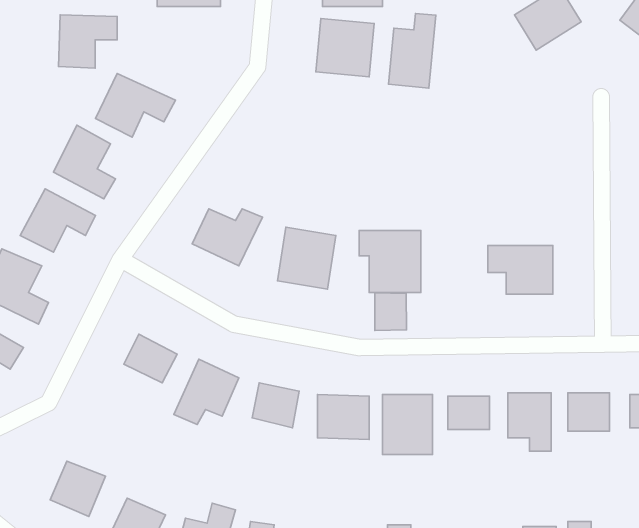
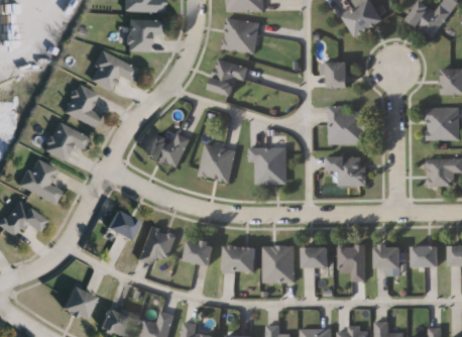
building: [389,13,436,88] -> none
building: [59,15,117,68] -> [128,18,163,50]
building: none -> [210,59,248,95]
building: none -> [327,62,348,88]
building: none -> [329,106,365,144]
building: [375,293,407,330] -> none

